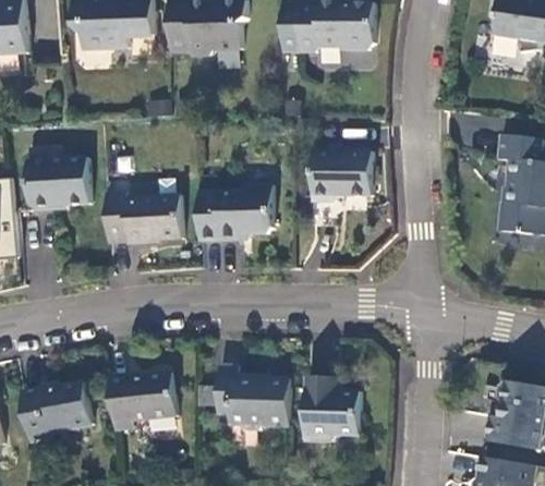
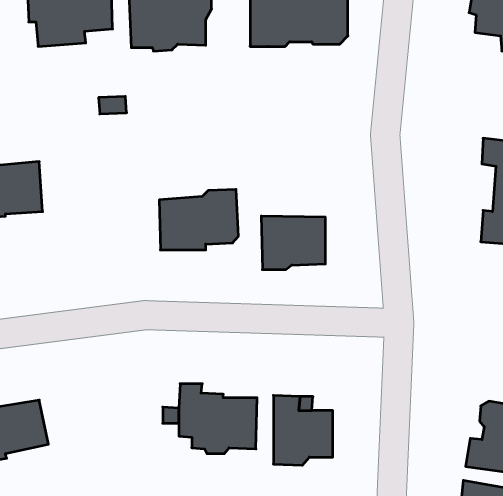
building: [312,151,372,202] -> [261,216,325,270]
building: [106,192,182,245] -> none
building: [111,373,179,429] -> none

